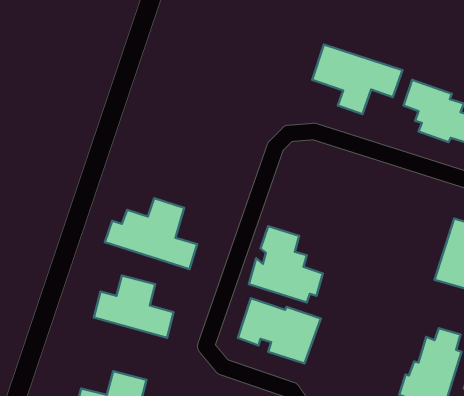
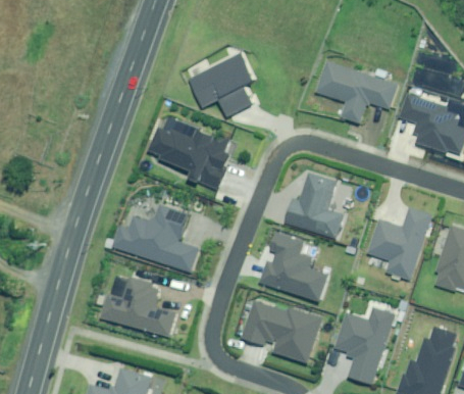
building: none -> [187,52,256,114]
building: none -> [151,125,235,191]
building: none -> [288,171,348,239]
building: none -> [369,207,434,280]
building: none -> [337,307,397,384]

